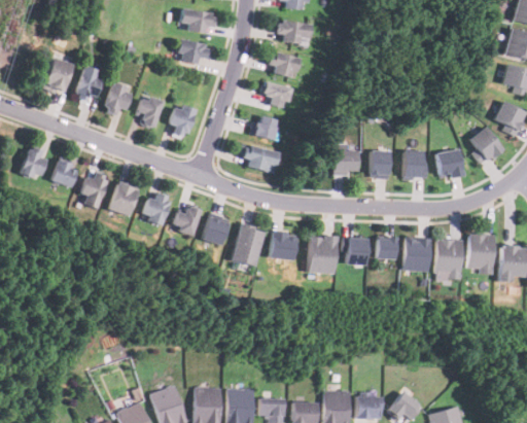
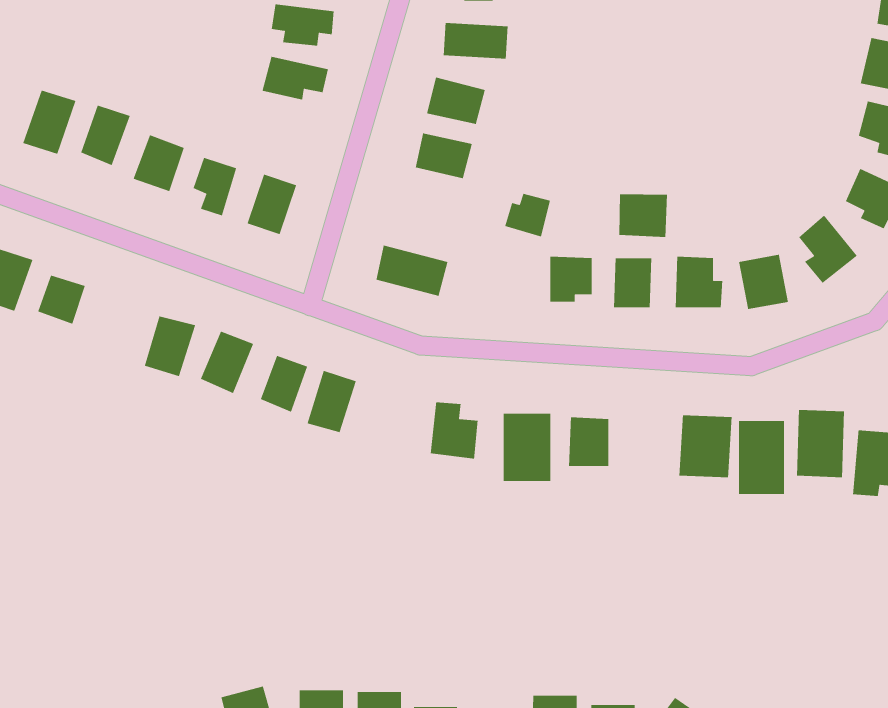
building: none -> [618,194,668,238]
building: [250,117,276,142] -> [504,193,551,238]
building: [79,170,109,208] -> none
building: [232,224,261,266] -> none
building: [376,237,395,259] -> none

